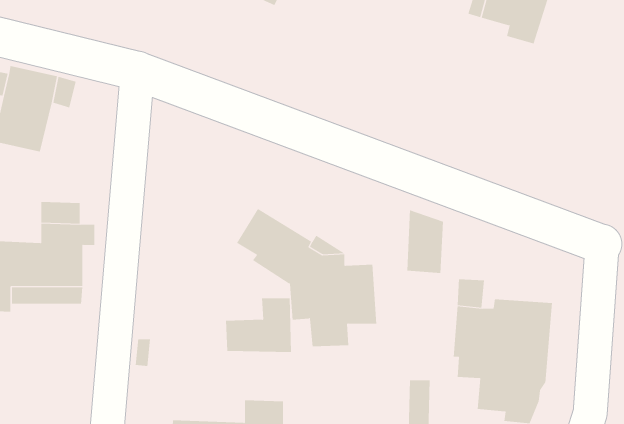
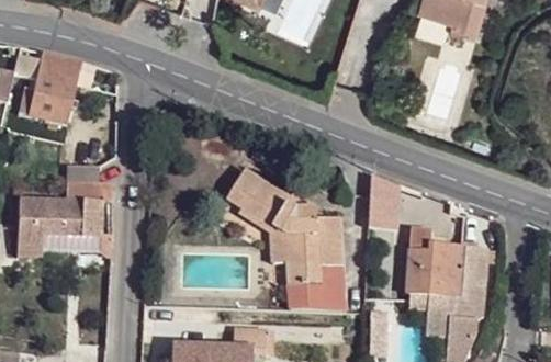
building: [225,298,292,353] -> [289,269,344,314]

